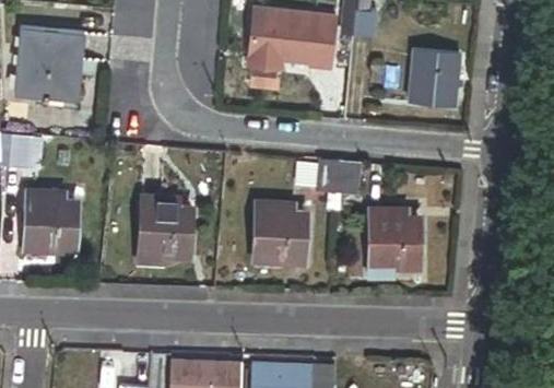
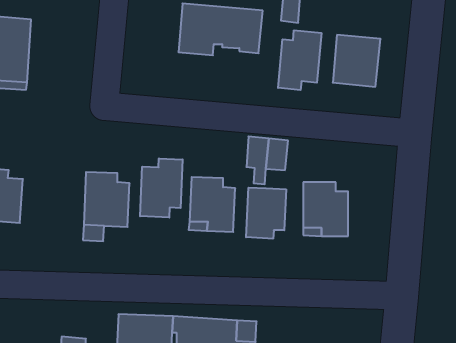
building: none -> [278,30,321,90]
building: none -> [140,158,183,218]
building: none -> [246,188,286,239]

